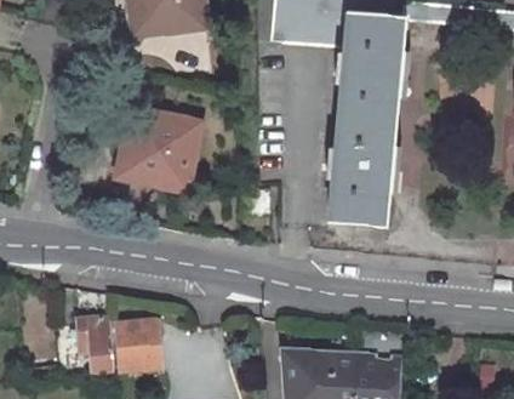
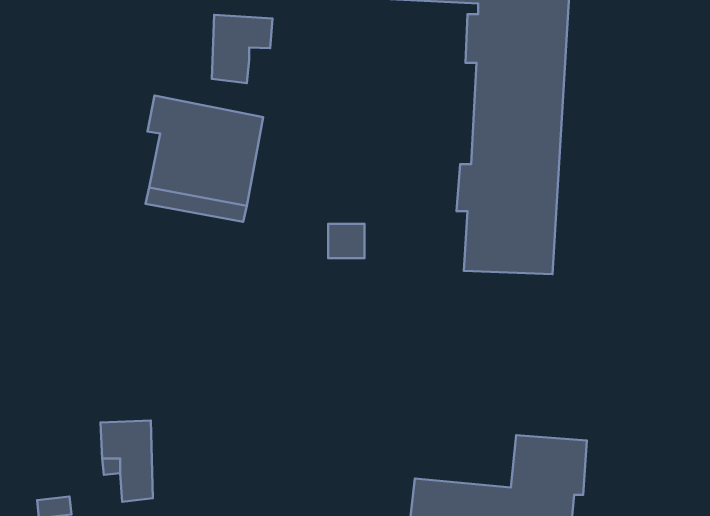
building: none -> [212,15,272,83]
building: [130,329,171,376] -> none

